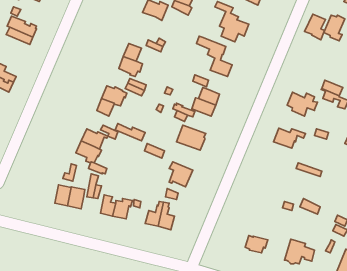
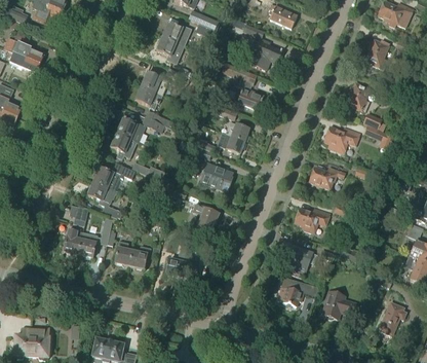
building: none -> [156,36,184,63]
building: [304,14,325,40] -> [346,82,370,111]
building: none -> [295,208,327,232]
building: none -> [281,243,312,271]

